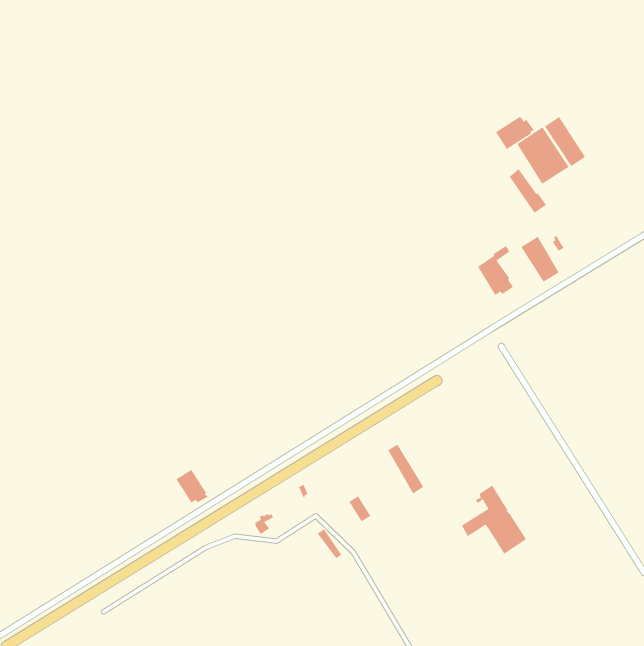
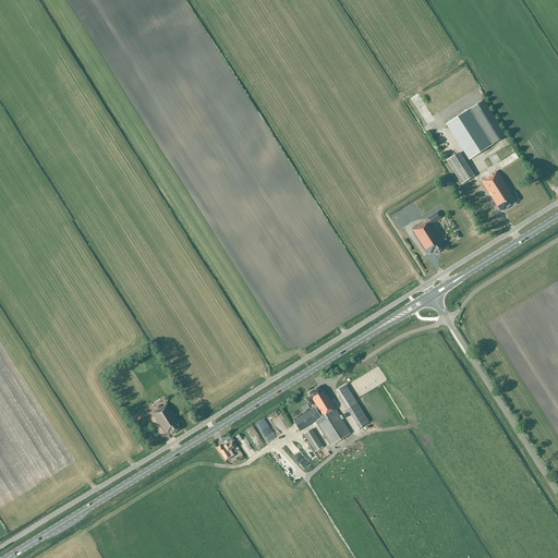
building: [495,116,535,150] -> none
building: [520,236,560,283] -> [481,171,514,211]
building: [461,485,527,554] -> [293,386,350,446]

